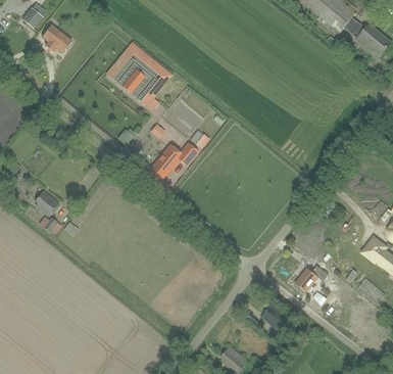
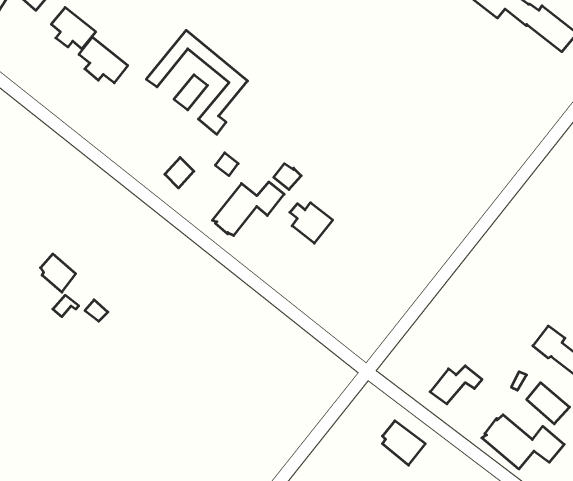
building: none -> [79,37,128,83]
building: none -> [290,203,333,243]
building: none -> [482,415,564,469]

